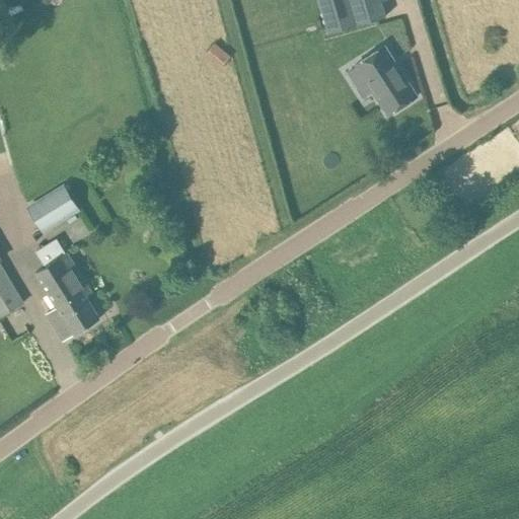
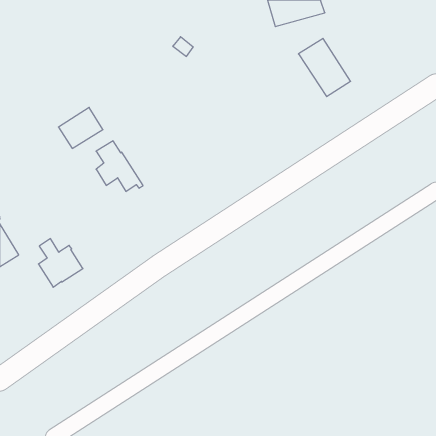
building: [25,184,78,233] -> [58,107,103,148]
building: [34,240,90,300] -> [96,141,143,191]

